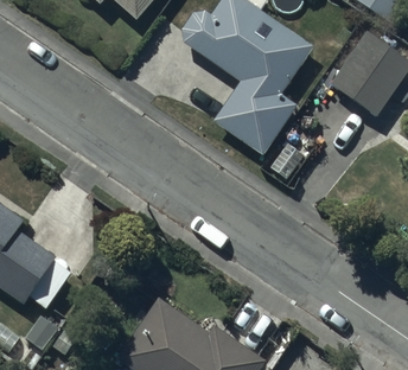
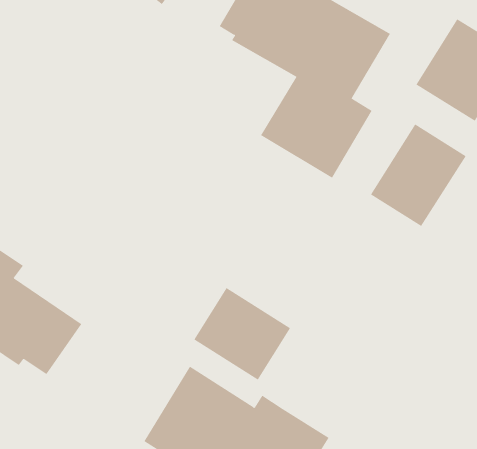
building: none -> [370,124,466,227]
building: none -> [194,287,291,381]

